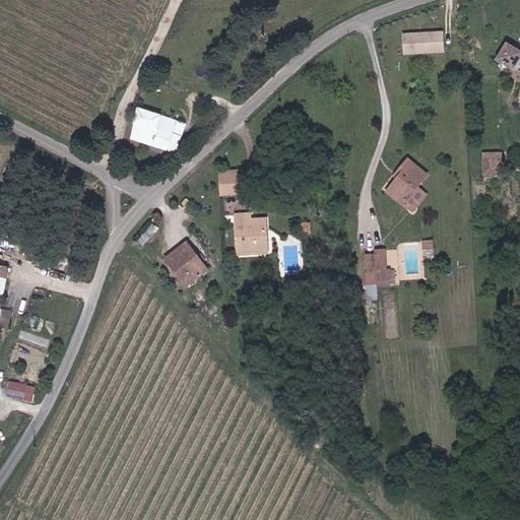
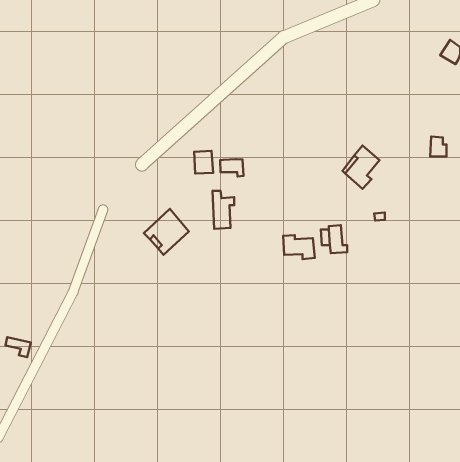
building: [399,28,445,55] -> none
building: [125,108,182,147] -> none
building: none -> [220,159,243,177]
building: none -> [283,235,315,259]

